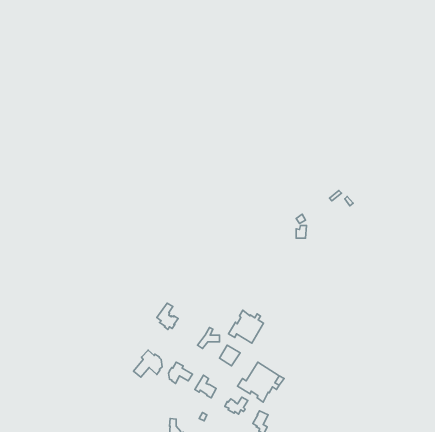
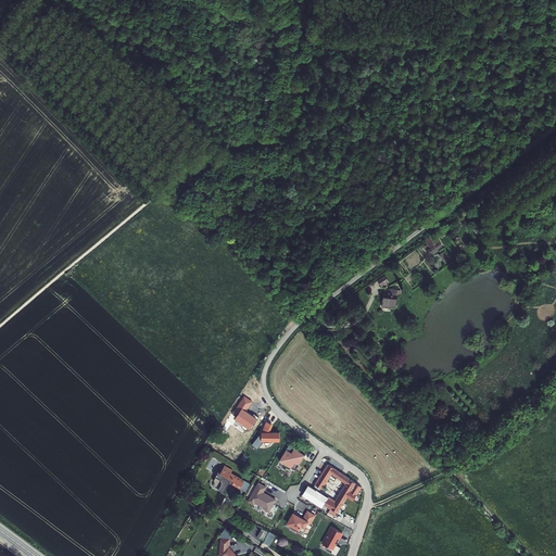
building: [157,303,178,329] -> [232,396,260,430]
building: [228,310,264,343] -> none
building: [133,350,162,377] -> none

